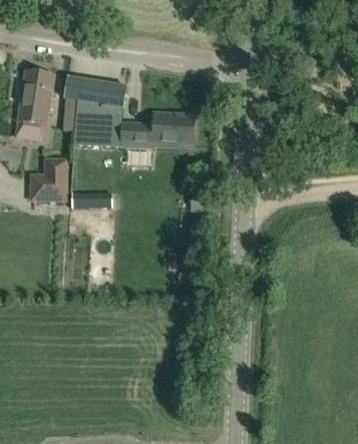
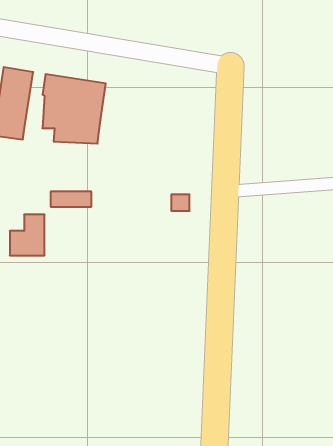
building: [118,111,193,147] -> none
building: [31,159,65,199] -> [10,215,45,255]

